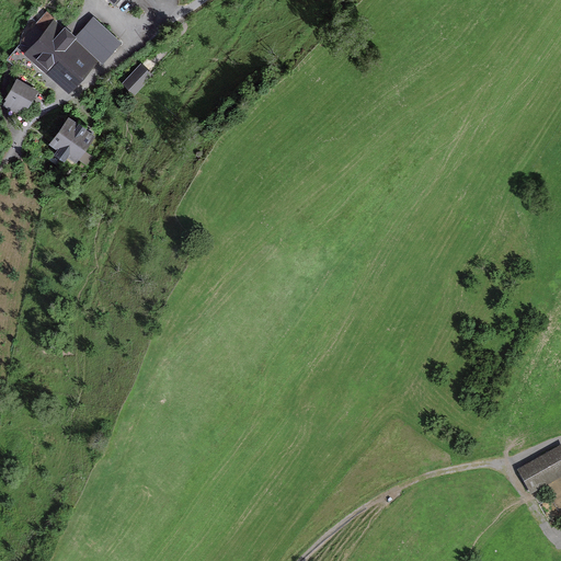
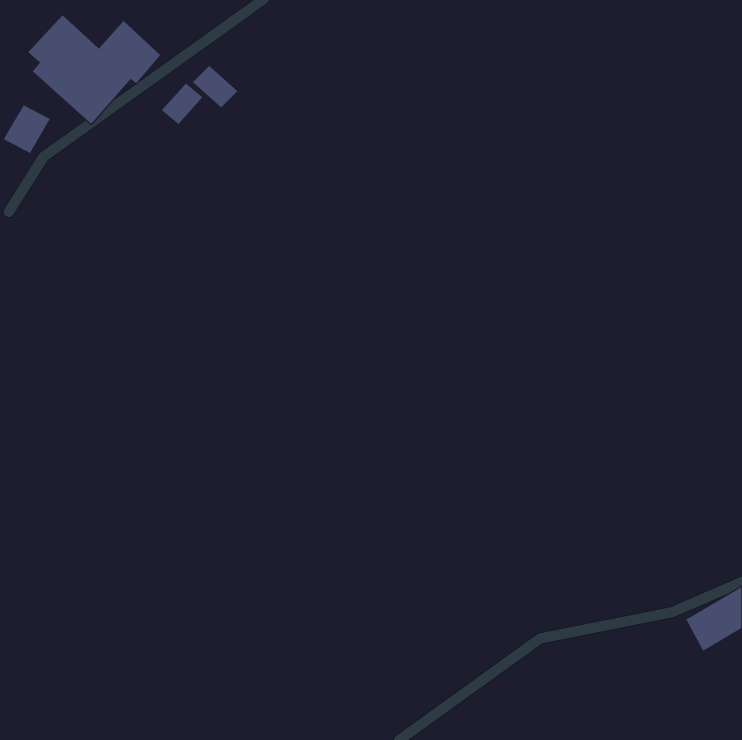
building: none -> [192,65,238,108]
building: [49,116,95,163] -> none

